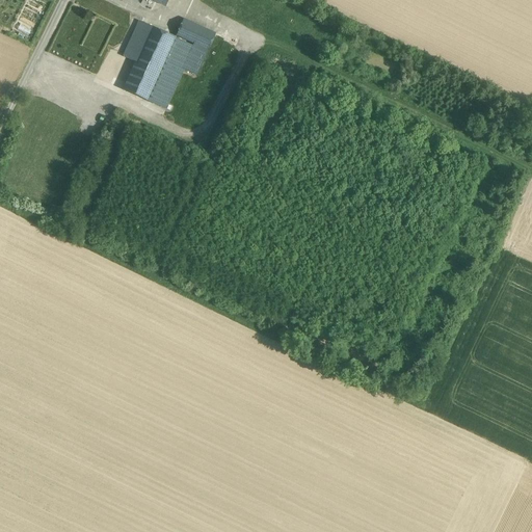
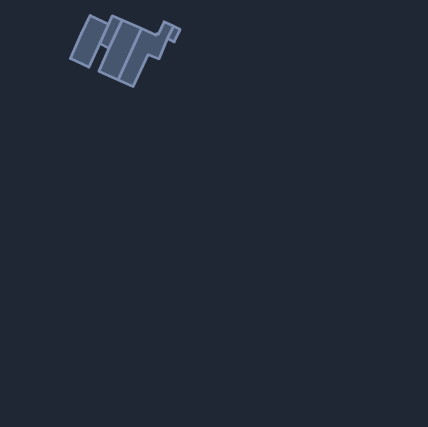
building: [176,18,204,43] -> none
building: none -> [70,15,108,67]

